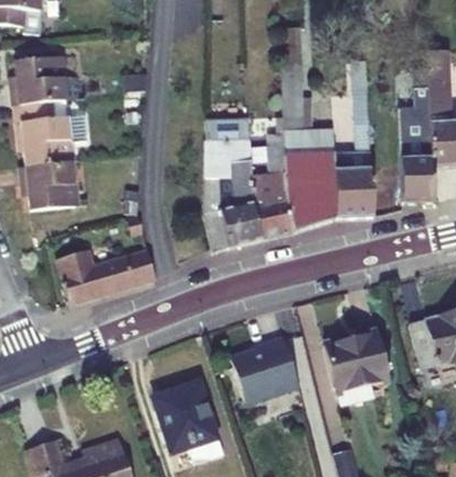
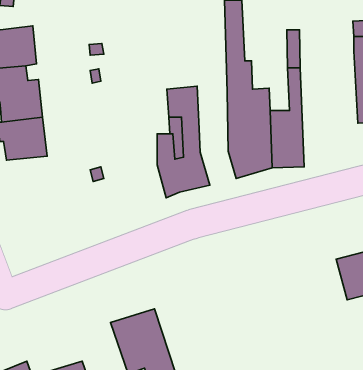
building: [398,85,435,202] -> none
building: [252,131,295,238] -> none
building: [58,248,157,302] -> none
building: [321,327,391,406] -> none
building: [229,338,297,403] -> none

